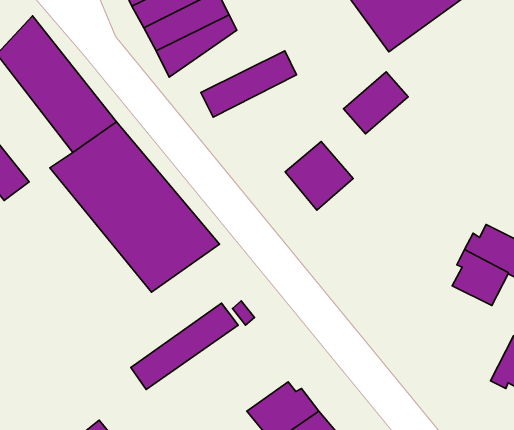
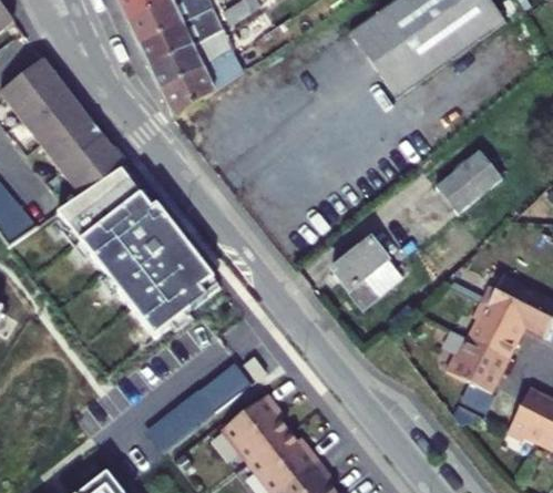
building: [201,51,296,117] -> none
building: [344,72,408,134] -> [433,144,499,207]
building: [285,141,353,210] -> [332,235,401,305]
building: none -> [443,336,505,390]
building: none -> [231,398,299,463]

